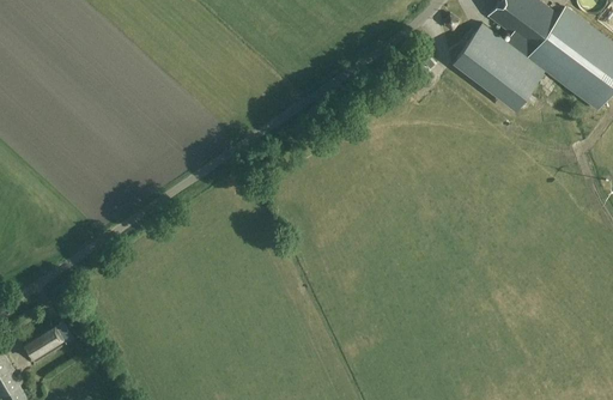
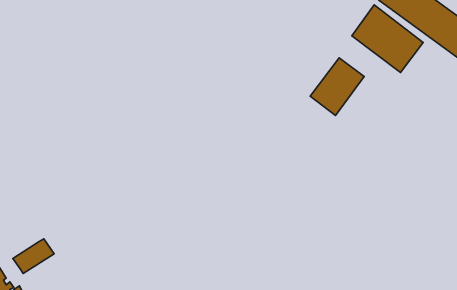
building: none -> [310,58,364,116]

